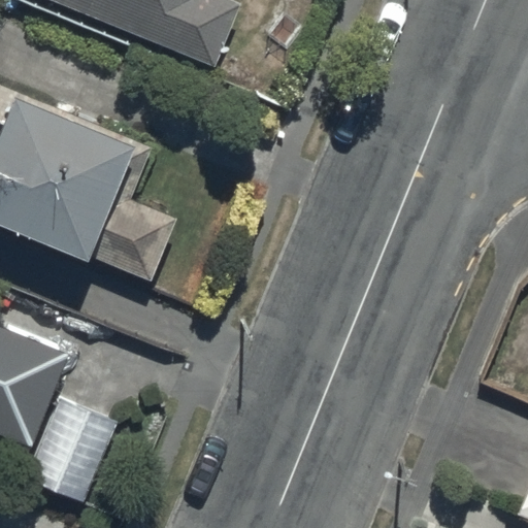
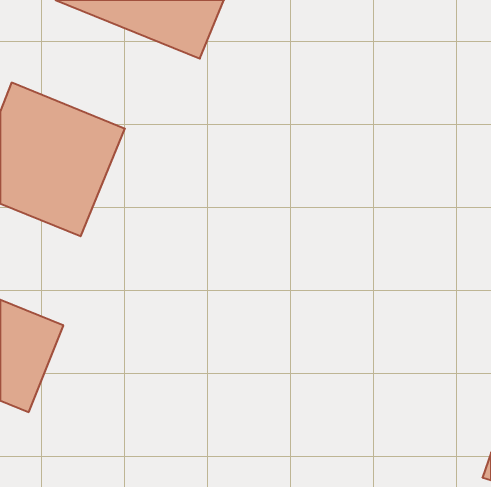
building: [25,398,120,504] -> none

